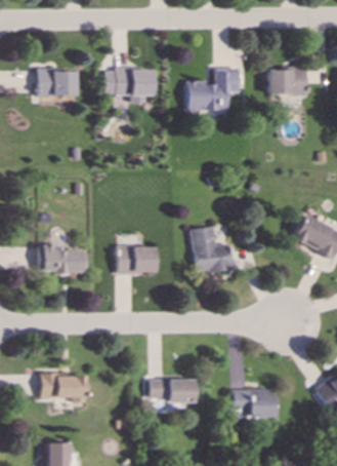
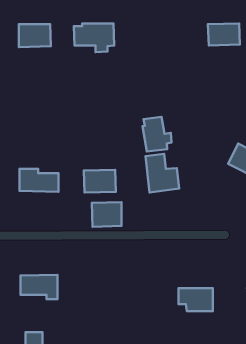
building: [186,68,239,110] -> none
building: none -> [142,117,172,152]
building: none -> [92,202,121,227]
building: [149,379,194,402] -> none

